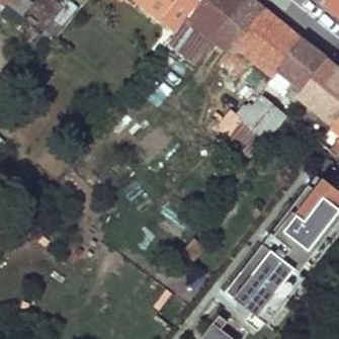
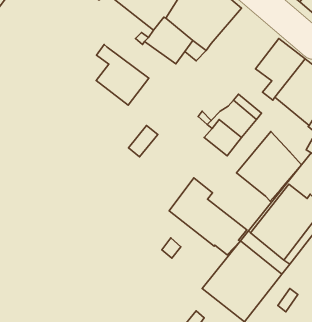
building: [235,9,303,77] -> none
building: none -> [96,45,149,105]
building: none -> [237,132,301,201]
building: none -> [169,178,247,255]

